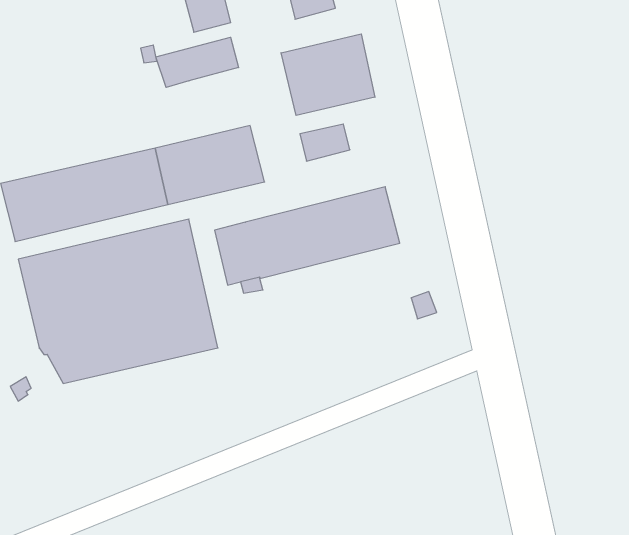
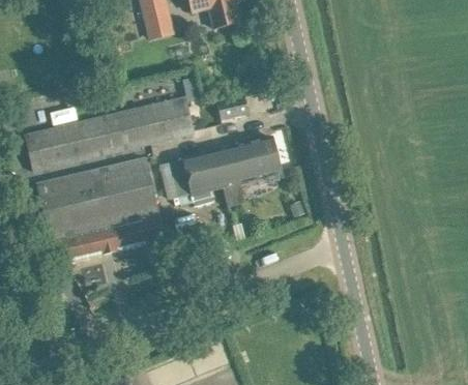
building: [281,34,375,115] -> none
building: [156,37,239,87] -> none

